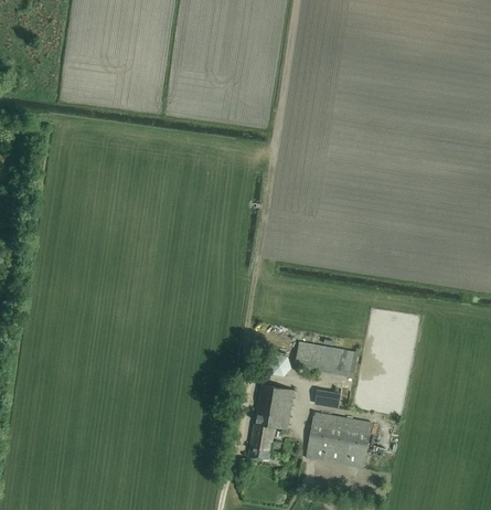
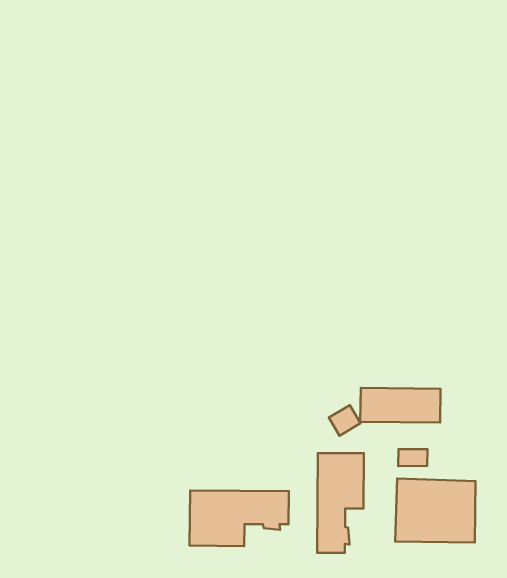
building: none -> [190,490,289,546]

